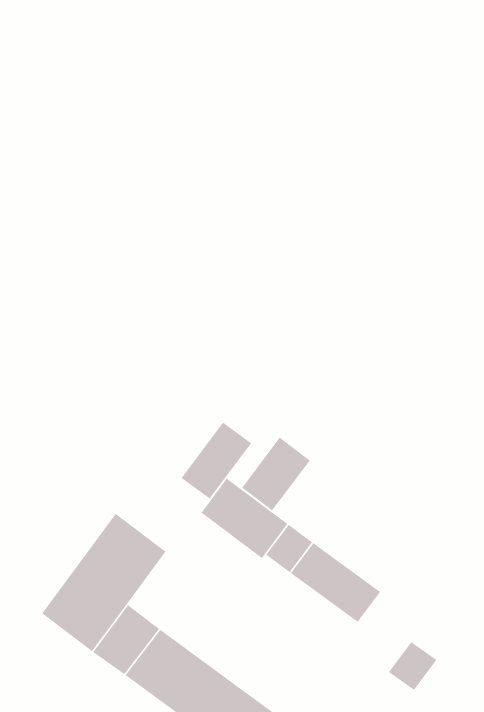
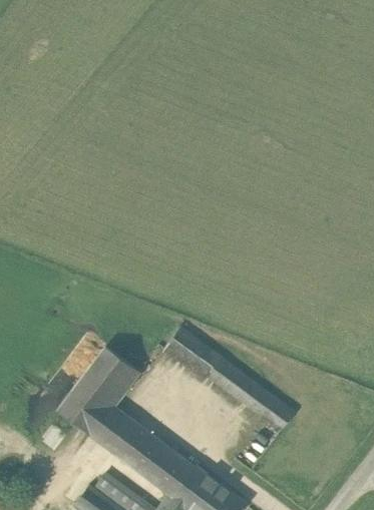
building: [180,422,252,500] -> none
building: [241,437,311,512] -> none
building: [388,641,437,691] -> [264,399,296,431]

